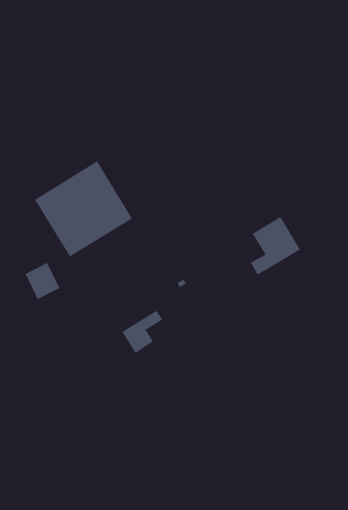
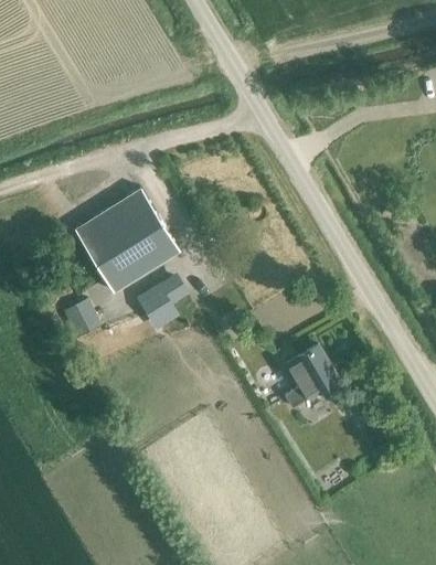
building: [250,216,301,275] -> [285,345,339,408]
building: [122,310,163,354] -> [140,279,184,326]

